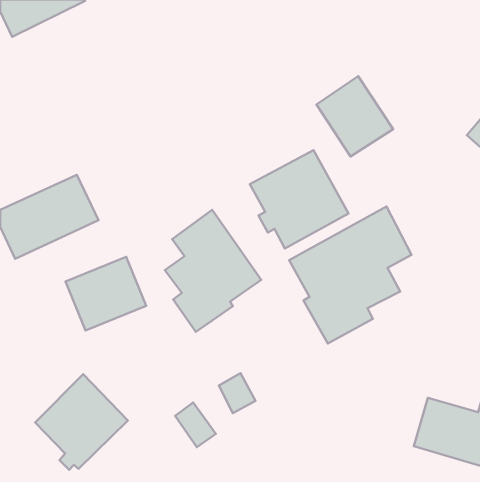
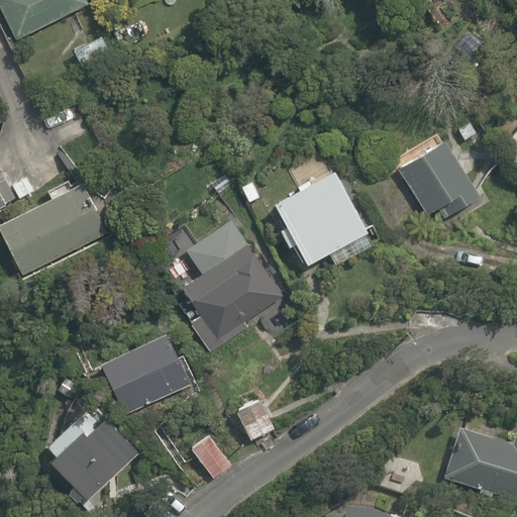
building: [317,76,393,156] -> [398,141,480,227]
building: [289,207,412,344] -> none
building: [66,257,146,331] -> [102,333,188,412]

